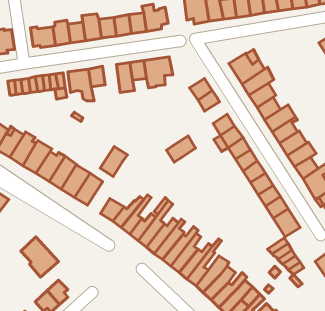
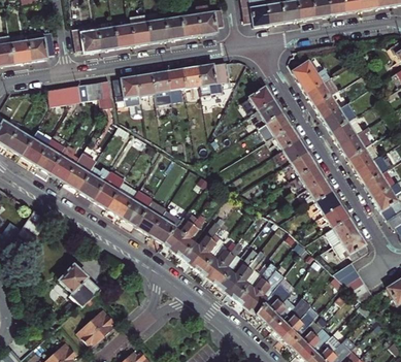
building: none -> [152,71,171,104]
building: [167,136,196,162] -> [257,112,289,141]
building: [100,146,127,176] -> [135,202,165,235]

